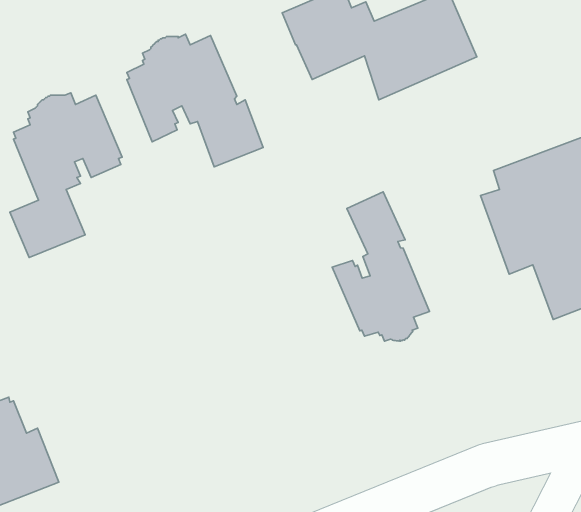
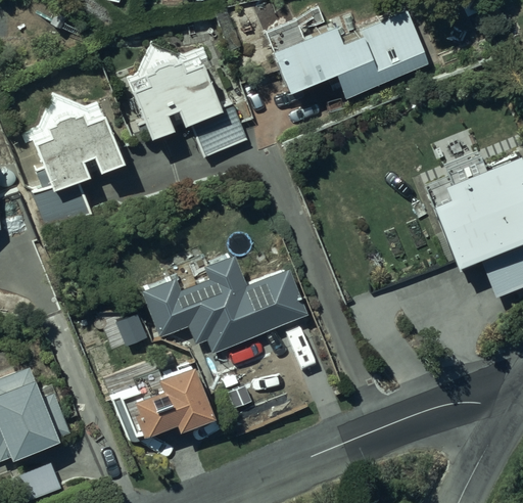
building: [332,192,430,341] -> none
building: none -> [140,248,307,356]
building: none -> [134,354,215,431]

